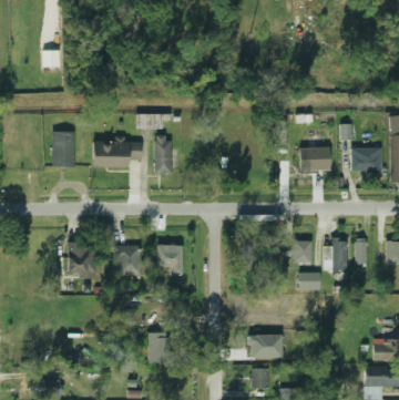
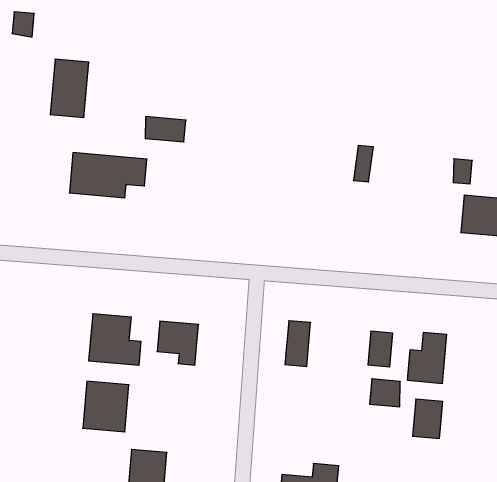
building: [52,132,74,168] -> [50,59,89,118]
building: [154,136,171,174] -> none
building: [299,147,329,170] -> none
building: [355,240,372,265] -> [413,399,443,439]
building: [68,244,95,275] -> [83,381,129,432]

